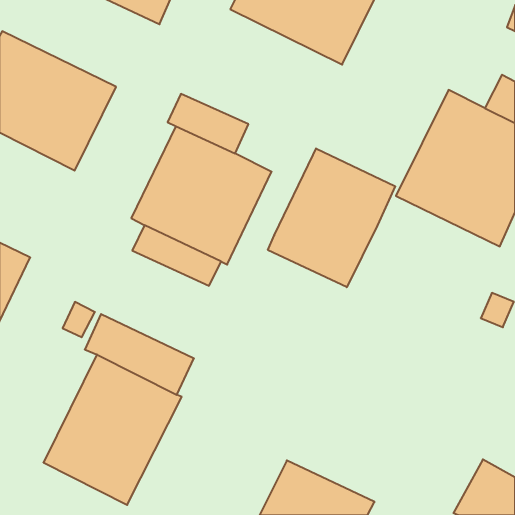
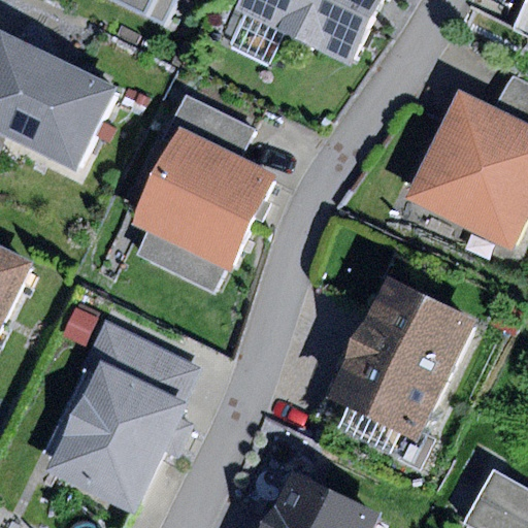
building: [268,148,395,287] -> none
building: none -> [328,276,476,442]

